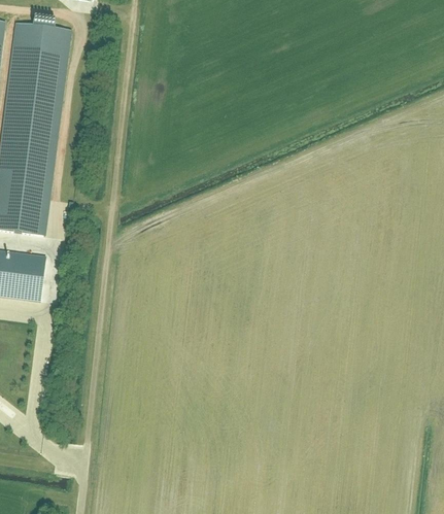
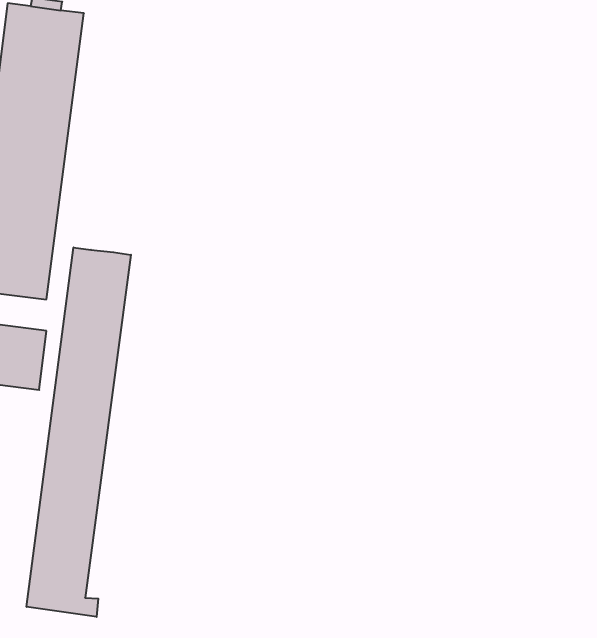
building: none -> [27,247,131,617]

